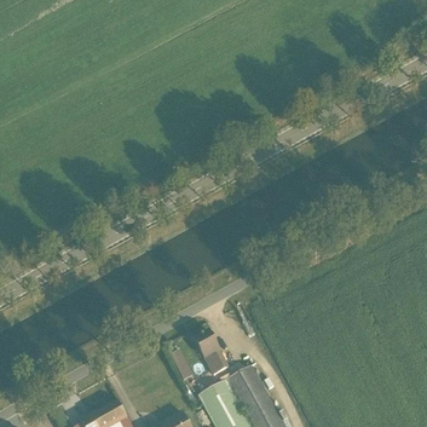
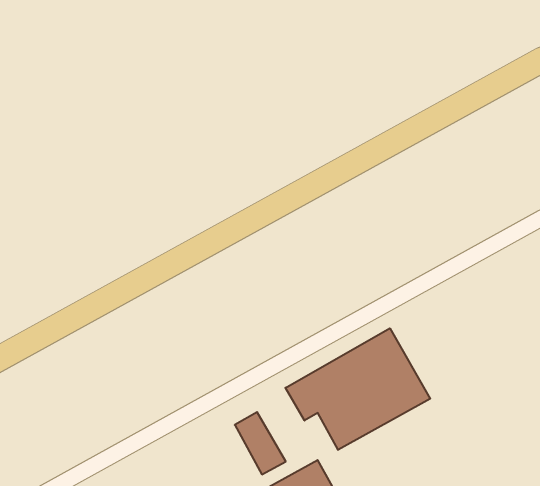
building: none -> [285,328,430,450]

